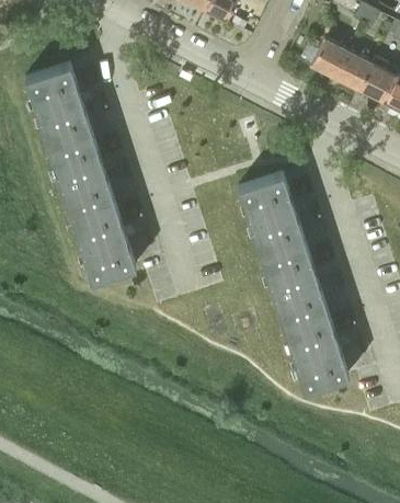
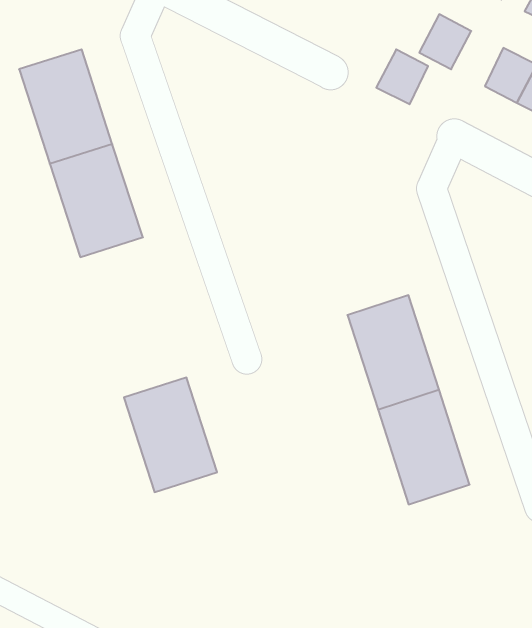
building: [334,49,372,89] -> [376,49,428,104]
building: [238,171,304,253] -> none
building: [68,197,135,279] -> [124,378,217,492]

